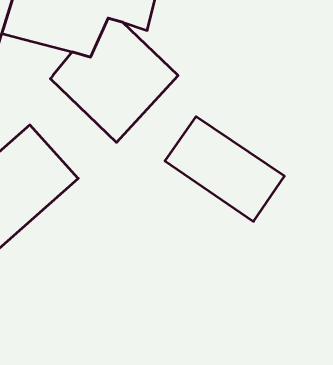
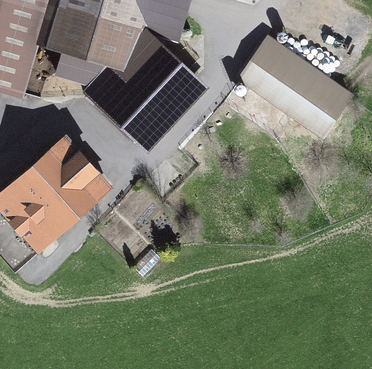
building: none -> [53,50,106,84]
building: [165,117,284,221] -> [237,35,353,137]

